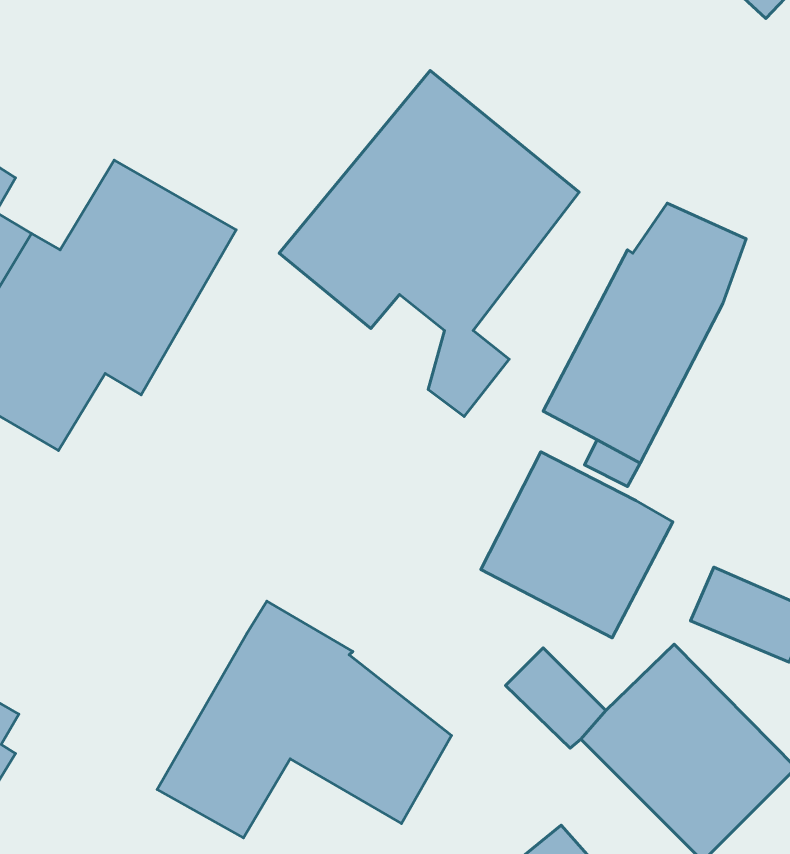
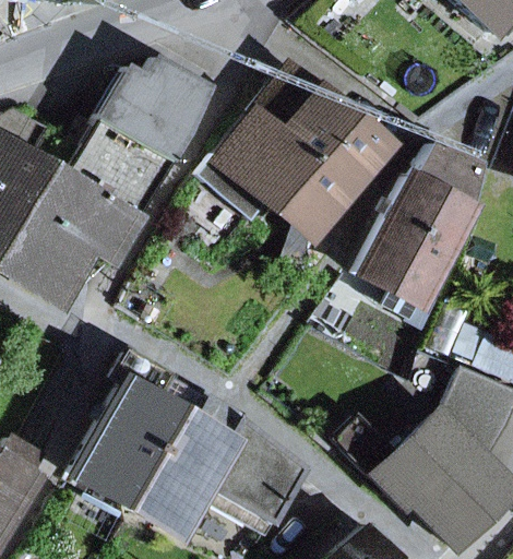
building: none -> [95,61,206,165]
building: [481,452,673,638] -> none
building: none -> [70,356,188,506]

